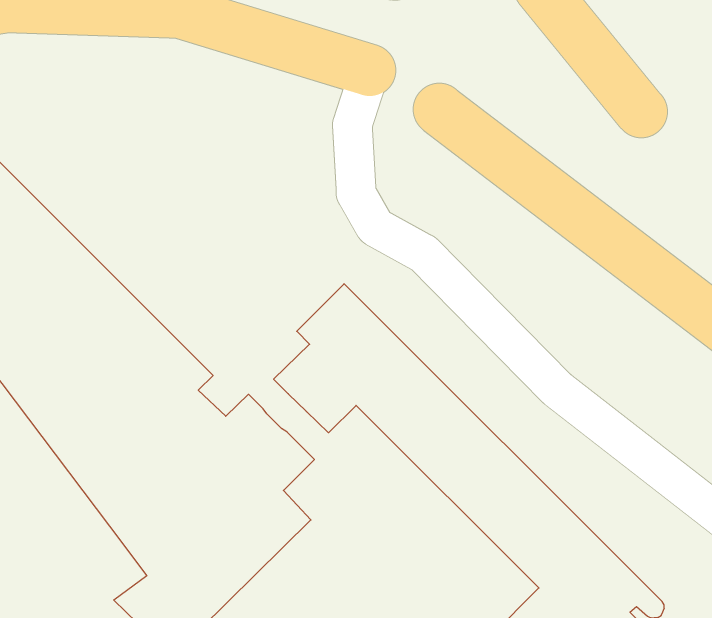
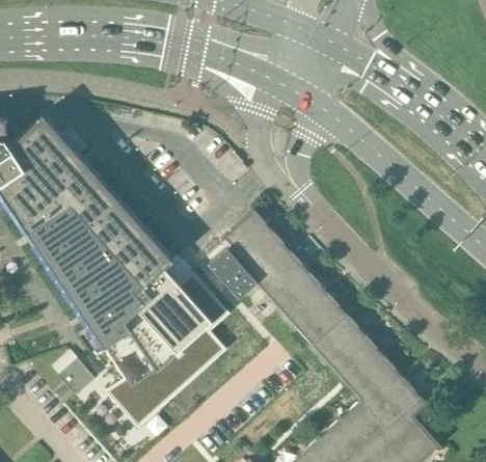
building: none -> [57,357,95,395]

